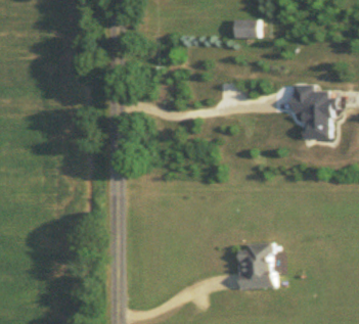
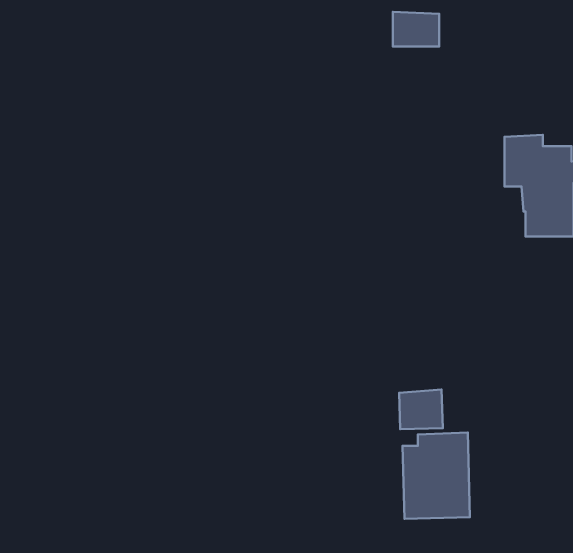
building: none -> [399,390,443,429]

